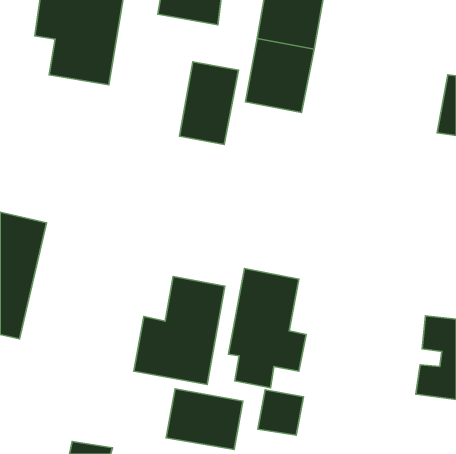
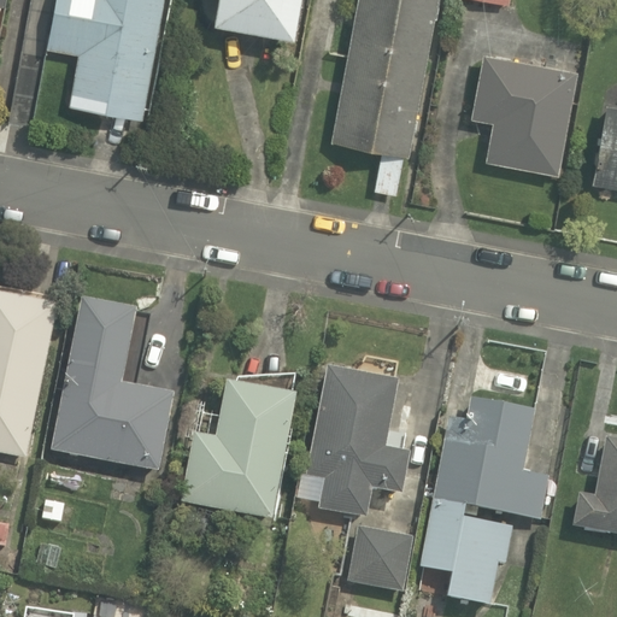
building: none -> [470,51,576,170]
building: [179,62,238,144] -> none
building: none -> [47,298,181,481]
building: none -> [418,390,551,606]
building: [166,389,243,450] -> none

